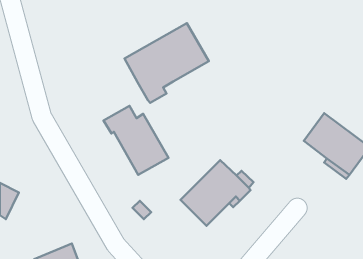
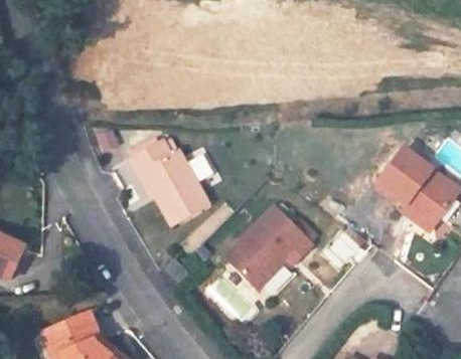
building: [125,23,209,103] -> none

